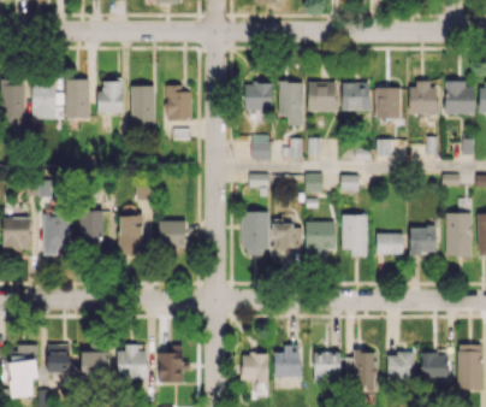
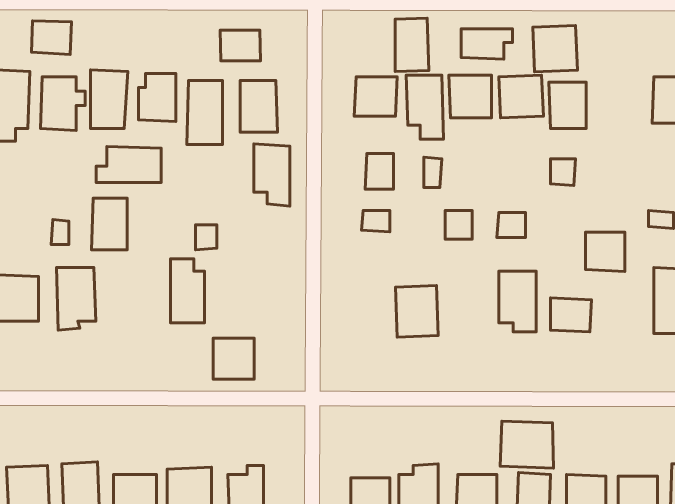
building: none -> [395,18,429,71]
building: none -> [31,21,71,55]
building: none -> [461,29,512,59]
building: none -> [220,30,260,61]
building: [409,83,439,114] -> [533,25,577,72]
building: none -> [254,144,290,206]
building: none -> [96,146,161,182]
building: [79,211,103,246] -> [92,198,127,250]
building: [243,211,268,254] -> none
building: [159,220,186,248] -> [213,338,254,379]
building: [306,220,337,256] -> none
building: [410,228,437,254] -> [586,232,625,271]
building: none -> [500,421,553,468]

